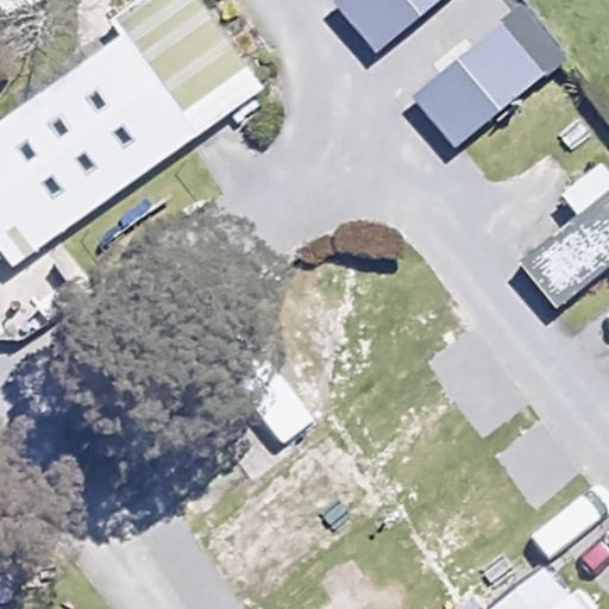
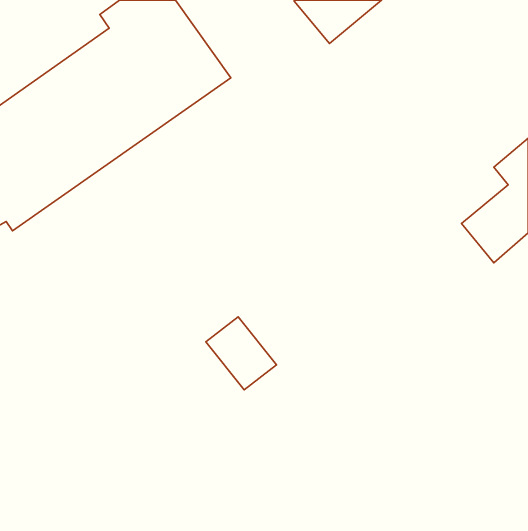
building: [412,19,542,145] -> none

